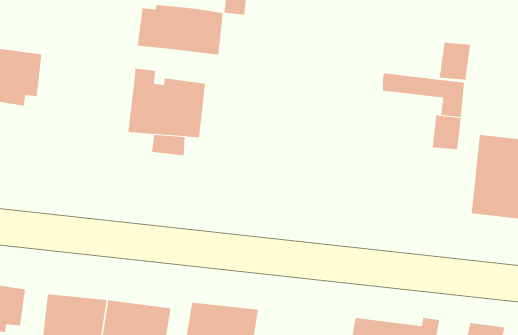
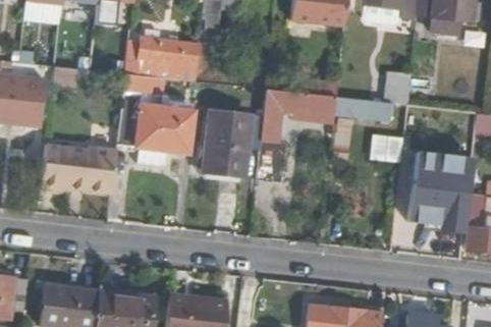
building: none -> [258,93,335,182]
building: none -> [205,109,251,174]
building: none -> [41,144,116,193]

